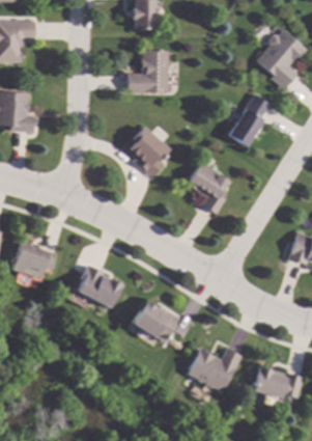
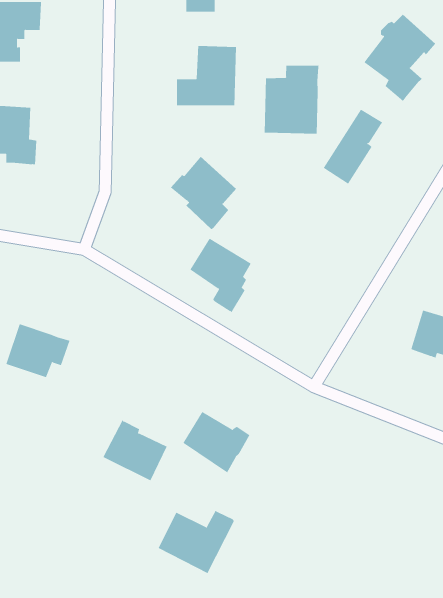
building: none -> [264,65,320,134]
building: [187,162,229,214] -> [189,238,251,313]
building: [76,265,120,307] -> [103,419,168,481]
building: [187,348,239,391] -> [158,510,235,574]
building: [251,366,302,398] -> none

